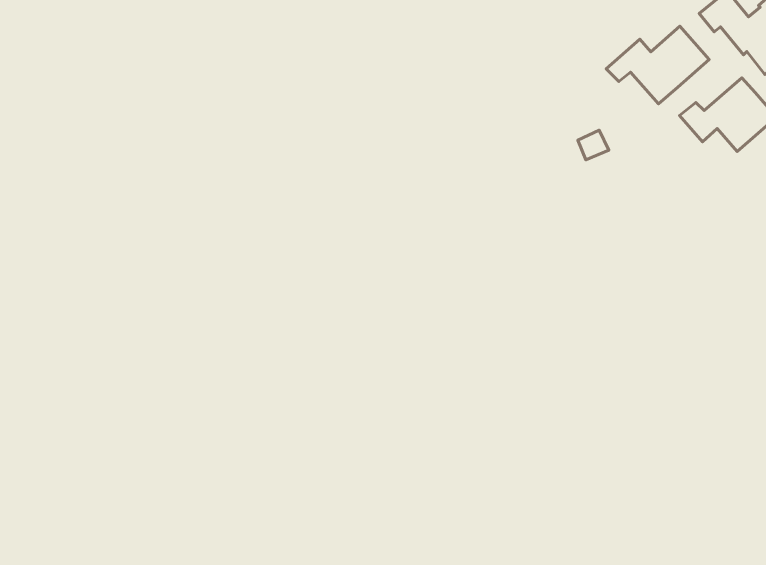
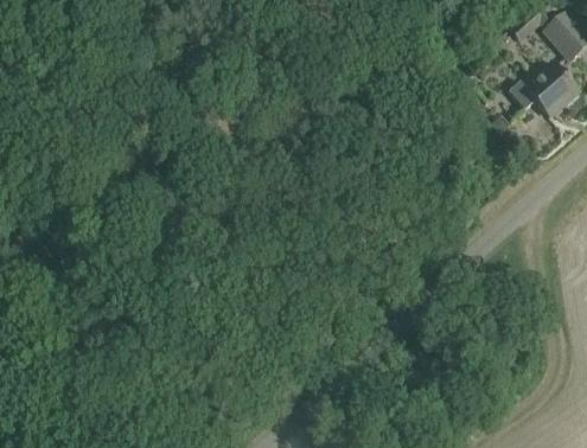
building: [606,26,709,104] -> none

